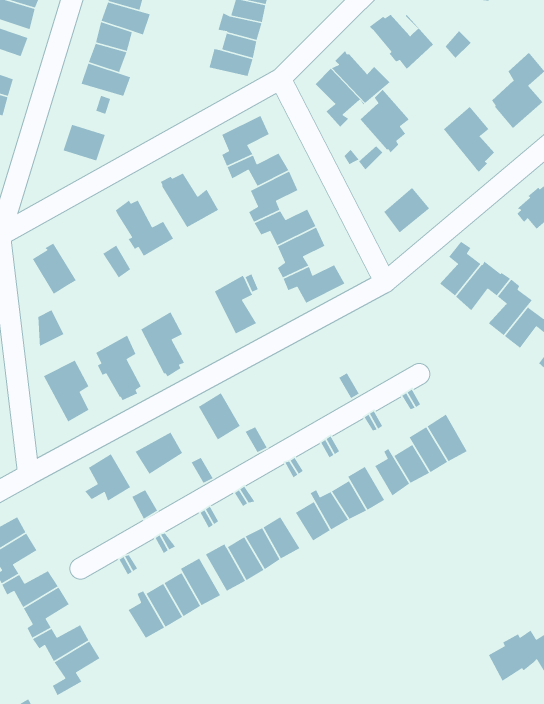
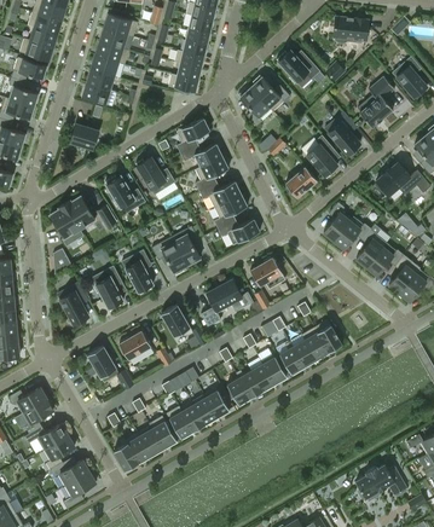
building: [359,89,410,154] -> [306,135,340,179]
building: none -> [64,196,96,230]
building: none -> [151,237,186,276]
building: none -> [250,257,285,288]
building: none -> [201,279,253,328]

